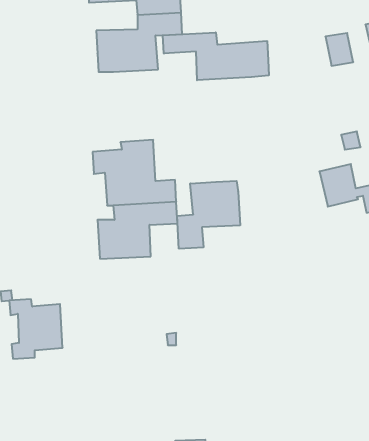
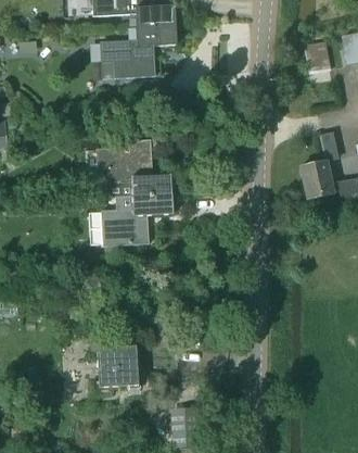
building: [163,32,269,80] -> none
building: [177,181,240,249] -> none
building: [9,299,63,359] -> [90,341,138,394]

